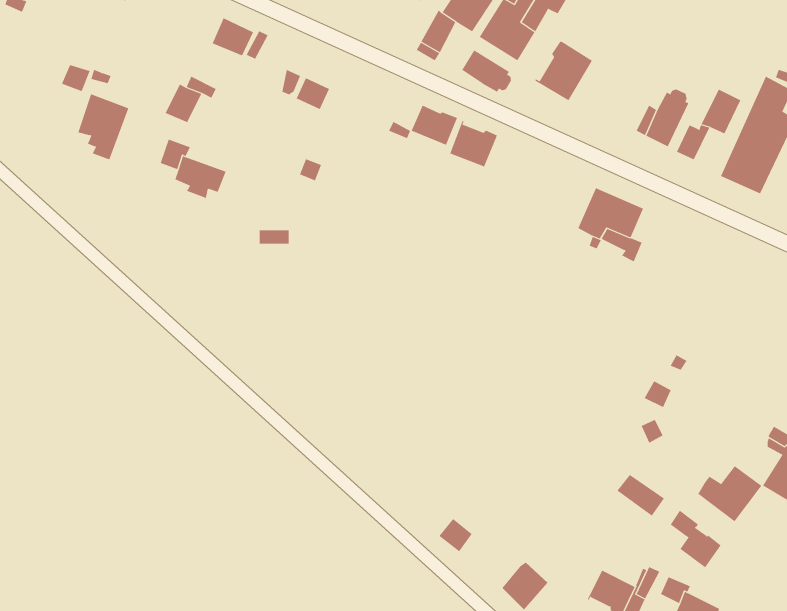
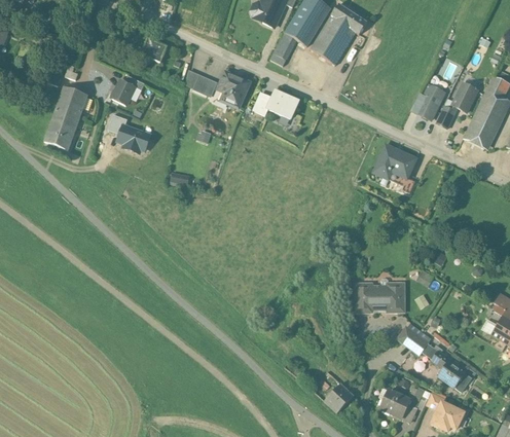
building: [535,41,593,101] -> none
building: [462,49,512,92] -> none
building: none -> [218,72,250,108]
building: [449,121,497,168] -> none
building: none -> [44,110,76,149]
building: none -> [356,278,403,311]
building: [697,466,762,522] -> none

